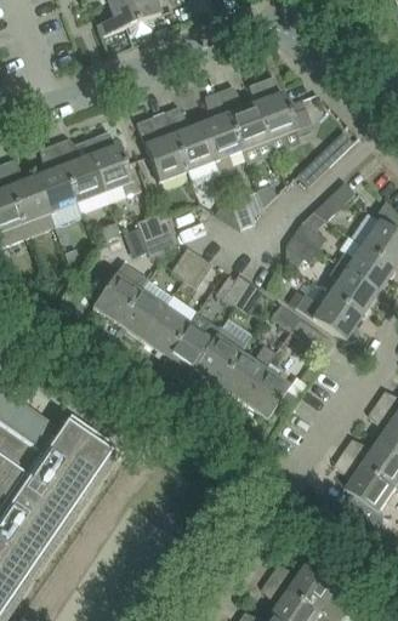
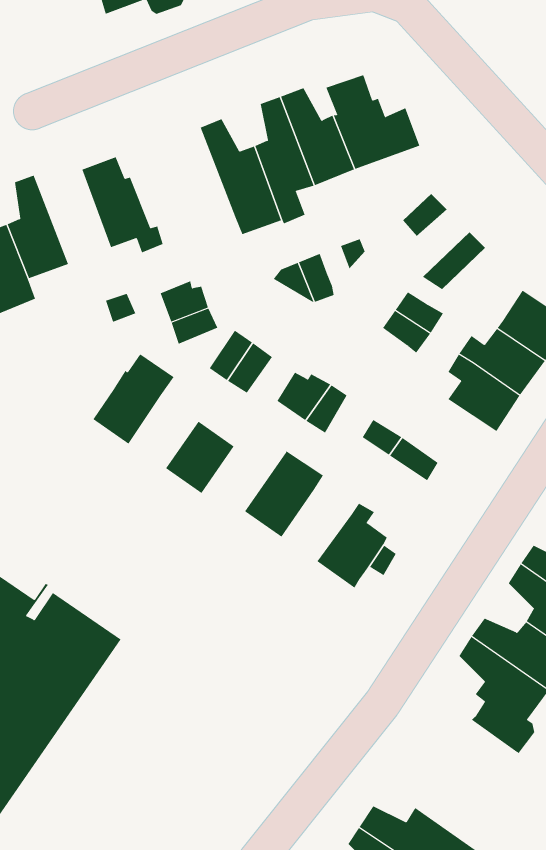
building: [136,112,187,182] -> none
building: [53,137,104,203] -> none
building: [116,278,172,338] -> none
building: [294,292,362,341] -> none
building: [159,319,221,382] -> none
building: [218,343,275,400] -> none

